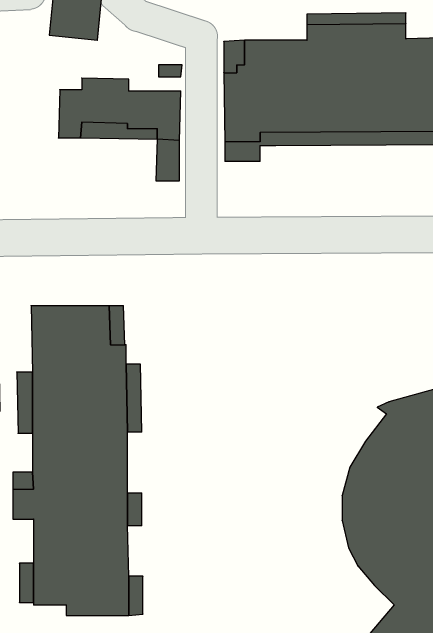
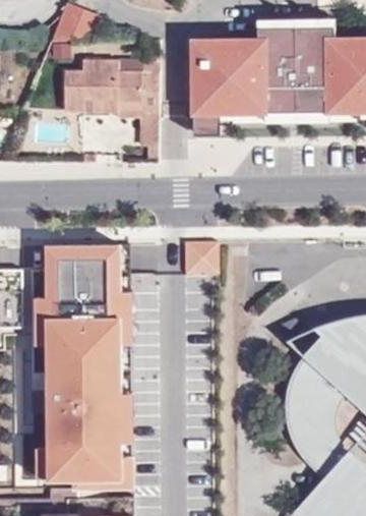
building: none -> [185,244,218,276]

